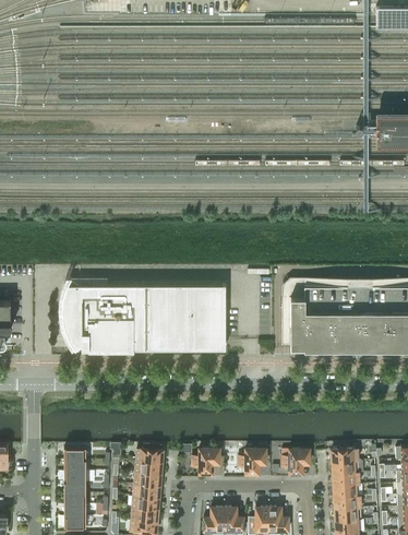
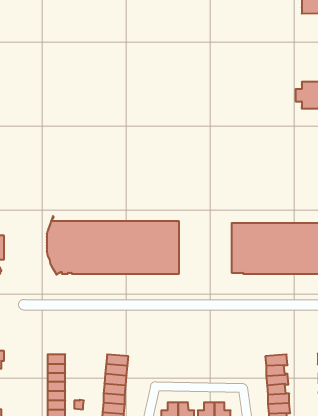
building: [192,451,220,476] -> none
building: [239,451,266,476] -> none
building: [283,451,310,476] -> none

